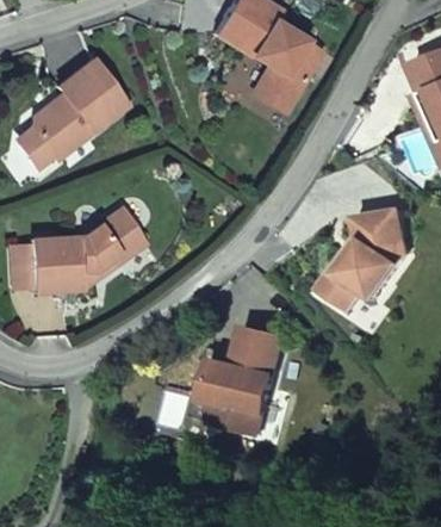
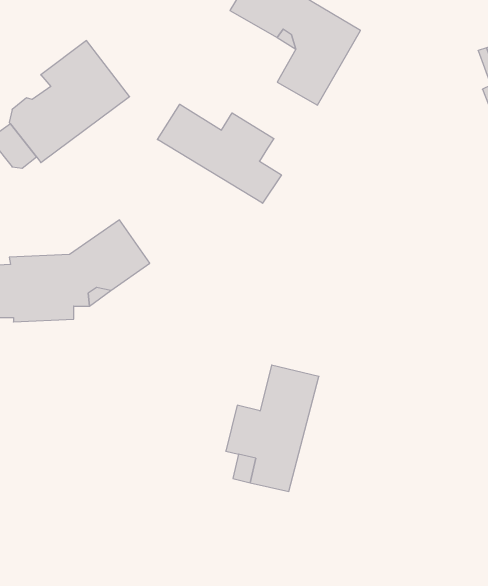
building: none -> [157,104,281,203]
building: [323,207,412,312] -> none

